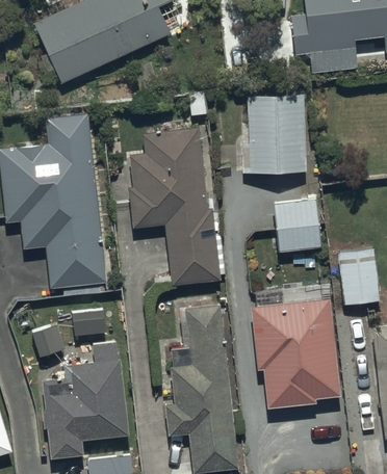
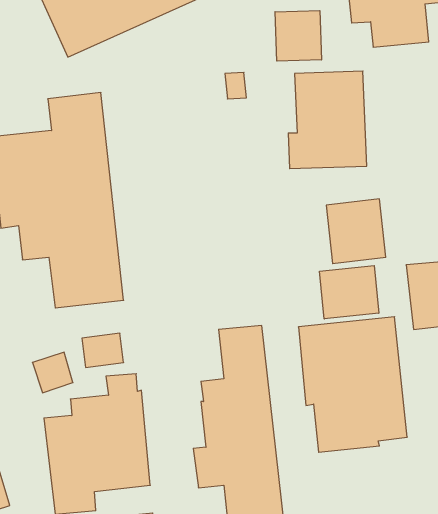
building: none -> [275,11,321,61]
building: [128,128,221,287] -> none
building: none -> [320,266,379,319]

